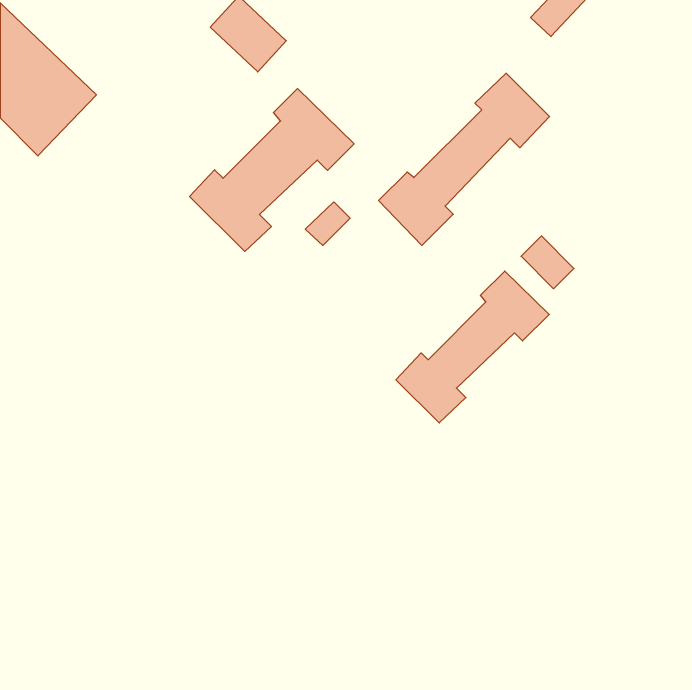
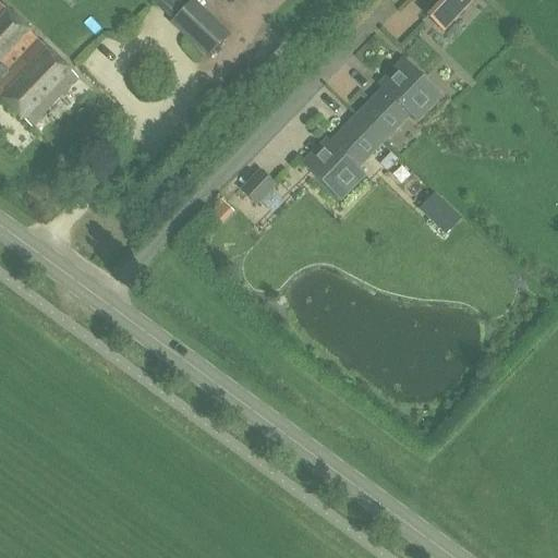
building: [190,89,354,251] -> none
building: [396,271,549,423] -> none

